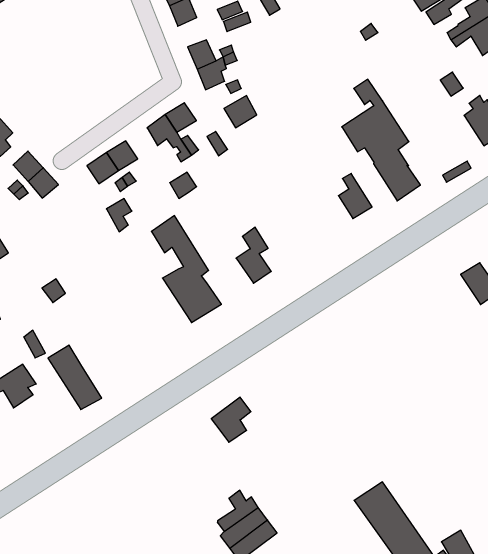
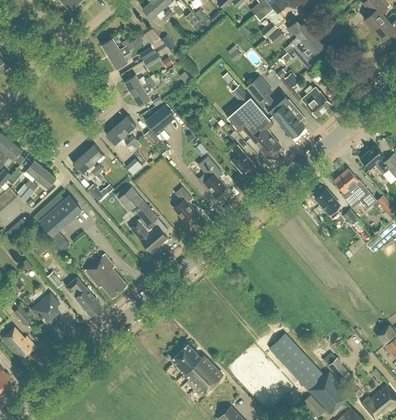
building: none -> [246,76,305,138]
building: none -> [201,157,226,197]
building: none -> [39,194,83,236]
building: none -> [85,254,127,298]
building: [211,397,251,442] -> [172,344,196,373]

